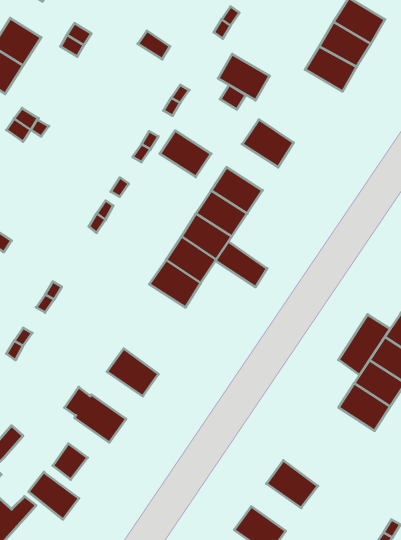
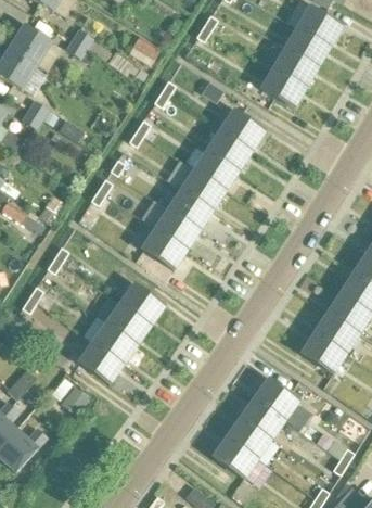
building: [218,54,270,100] -> [261,67,305,106]
building: [160,131,211,177] -> [207,130,251,169]
building: [216,242,267,287] -> none
building: [338,314,390,375] -> none
building: none -> [120,283,164,325]
building: none -> [93,322,137,363]
building: none -> [255,378,298,419]
building: [29,472,79,519] -> none
building: none -> [228,417,270,457]

